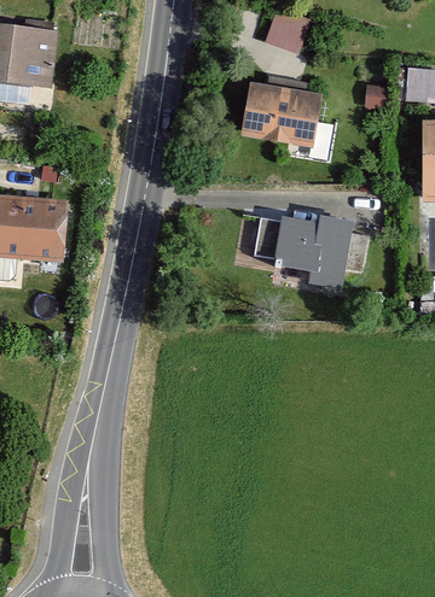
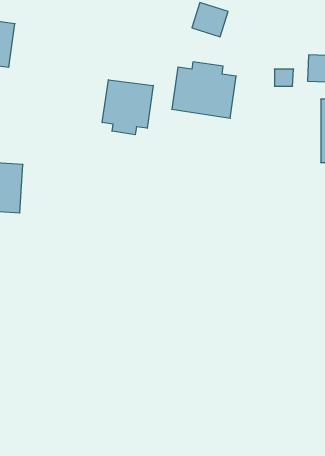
building: none -> [102,80,153,135]
building: [256,218,366,286] -> none

